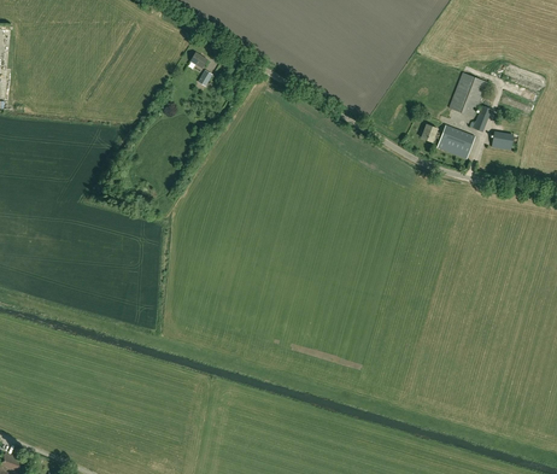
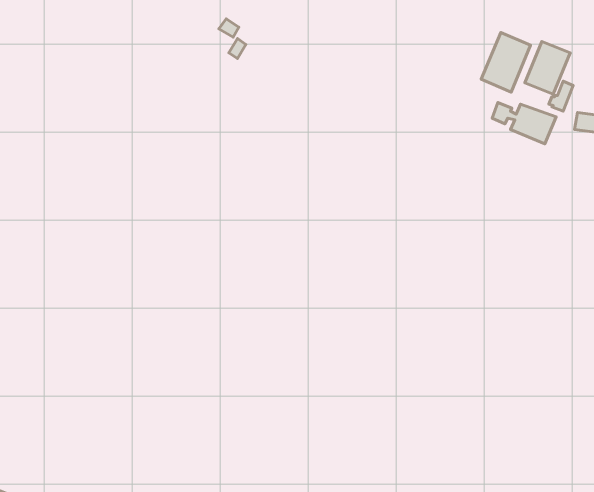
building: none -> [481,32,531,92]

